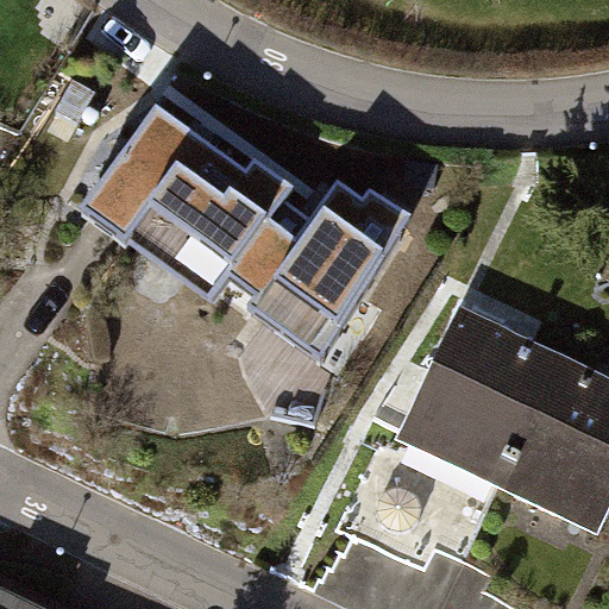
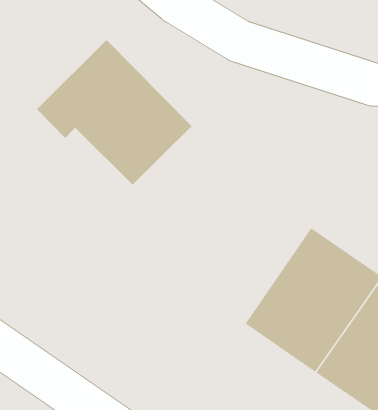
building: [252,181,408,354] -> none

